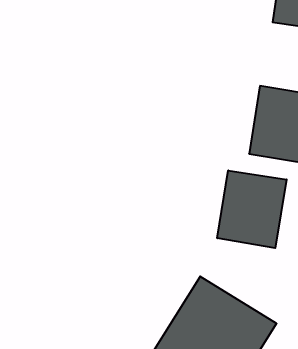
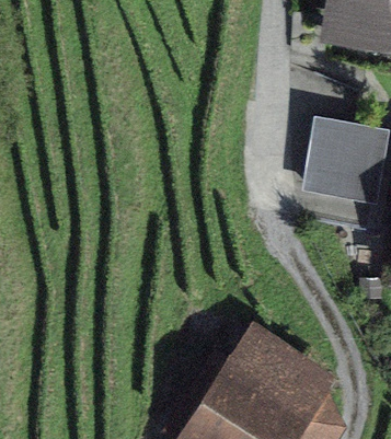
building: [217,170,287,248] -> none

